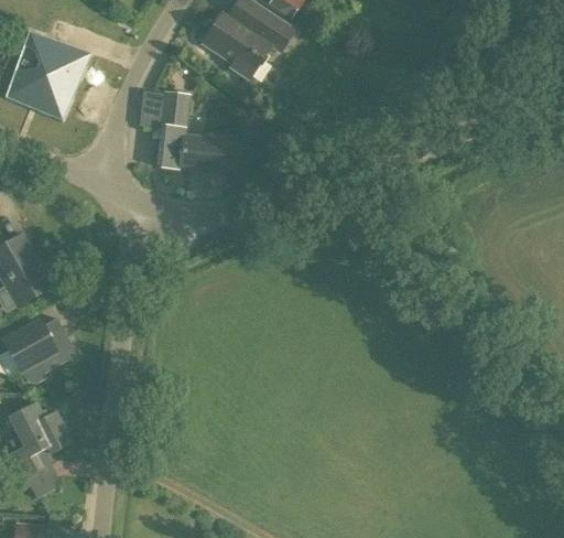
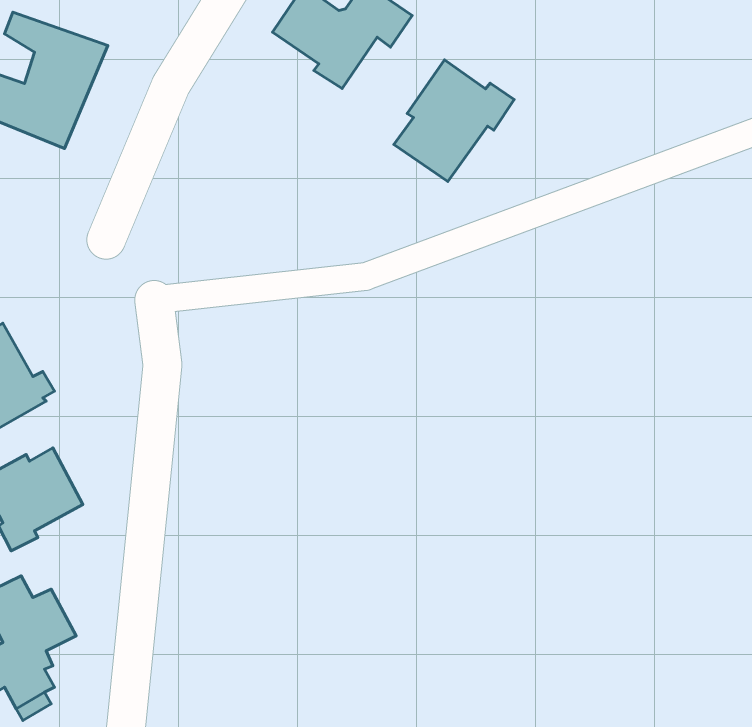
building: none -> [394,60,514,182]
building: [144,89,221,174] -> none

